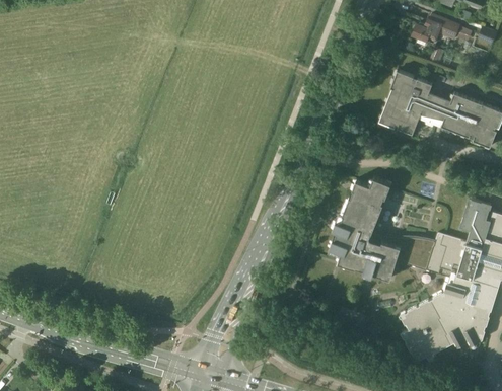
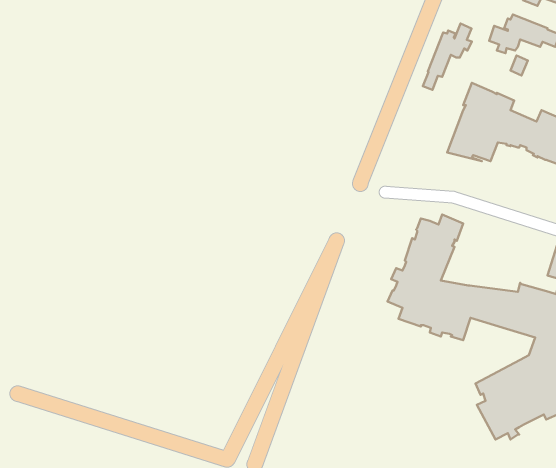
building: none -> [423,23,472,90]

